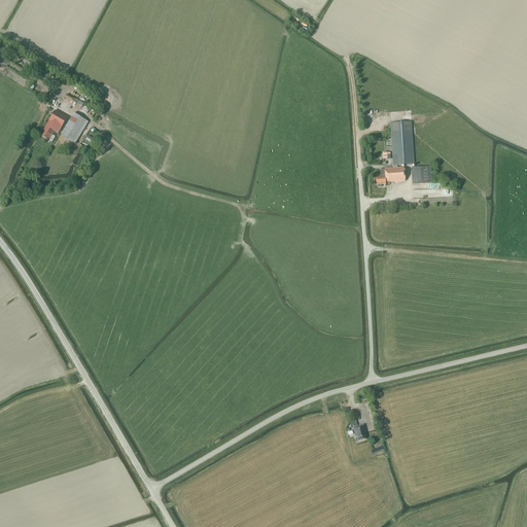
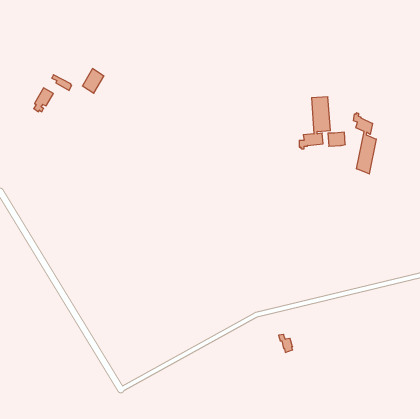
building: [61,112,87,143] -> [82,69,104,93]
building: none -> [354,113,376,174]

